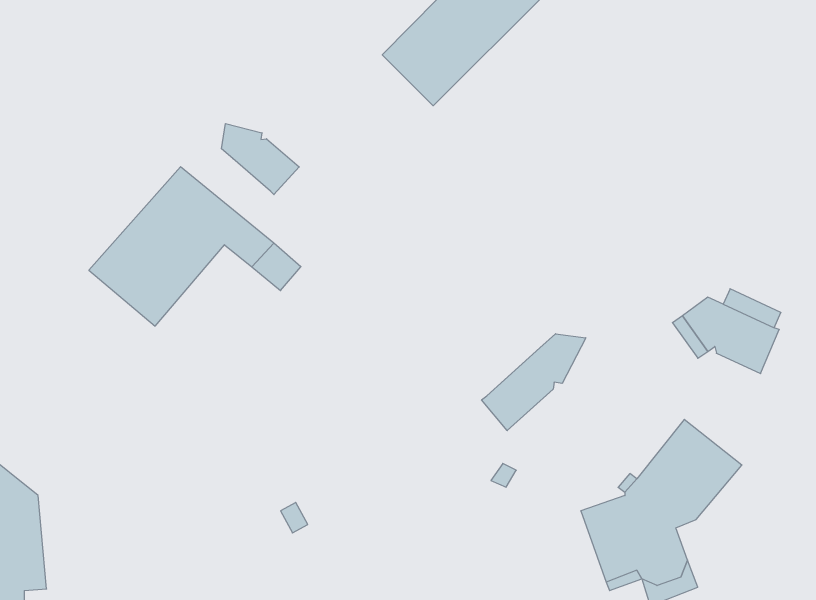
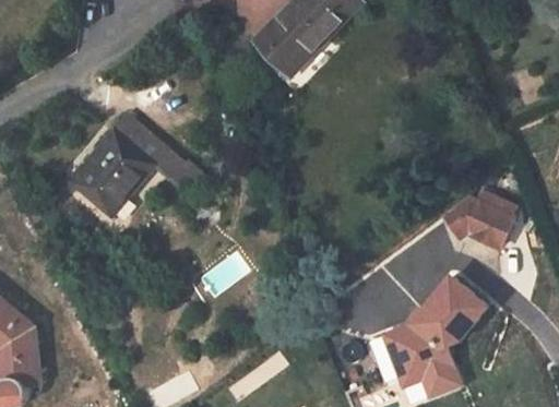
building: [222,124,299,195] -> none
building: [482,334,586,431] -> none

